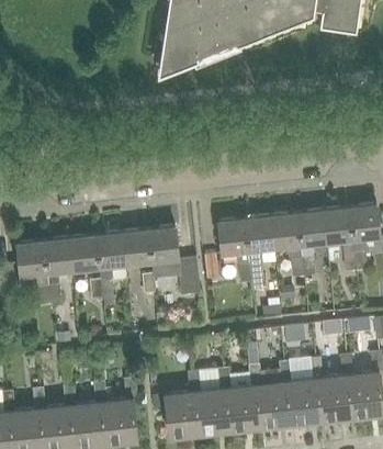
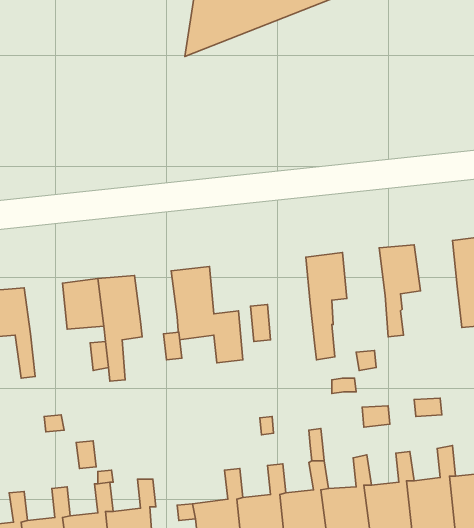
building: [323,207,357,271] -> none
building: [271,213,304,278] -> none
building: [218,220,251,284] -> none
building: [122,229,153,266] -> none
building: [43,238,74,305] -> none

